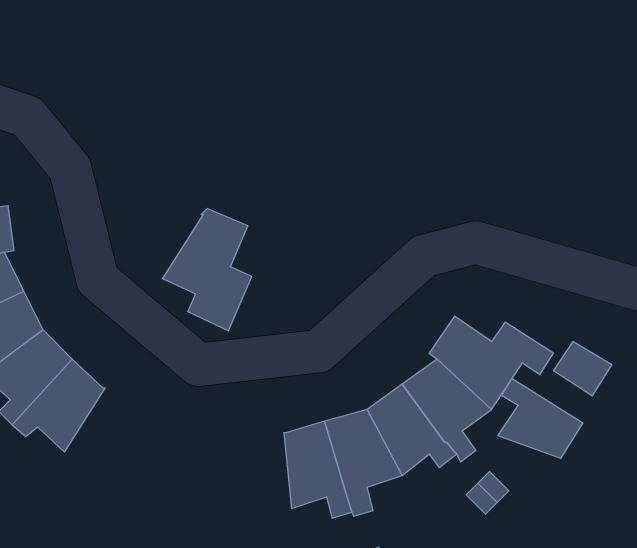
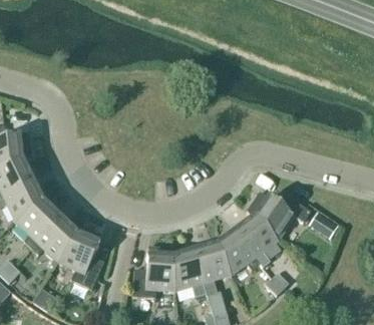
building: [162,209,252,331] -> [57,227,103,290]
building: [498,379,583,459] -> none
building: none -> [132,247,174,298]

